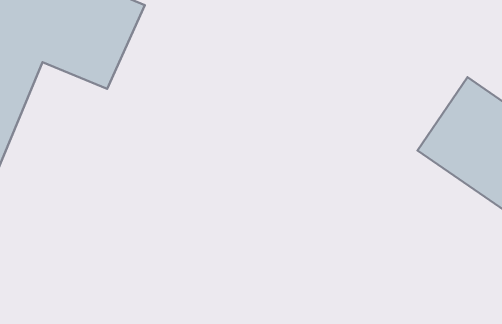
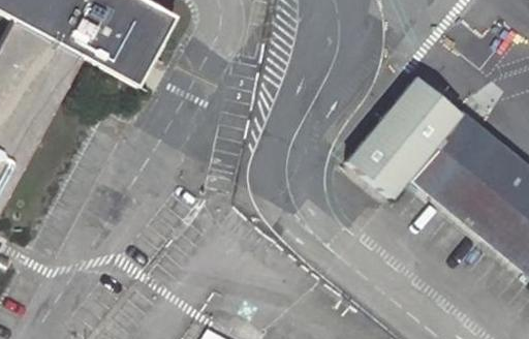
building: none -> [345,74,458,194]

